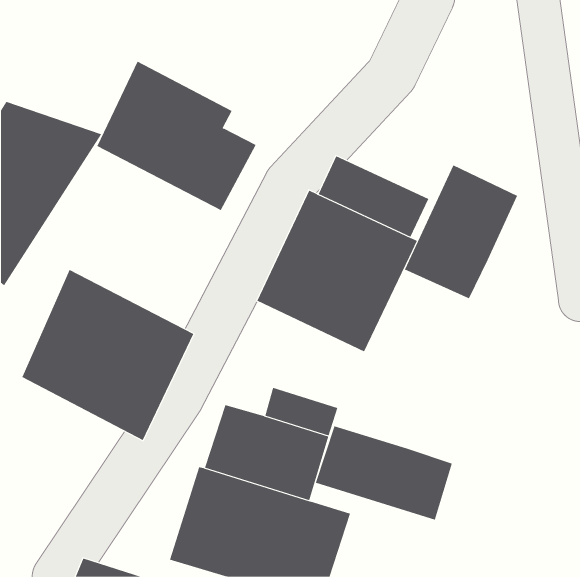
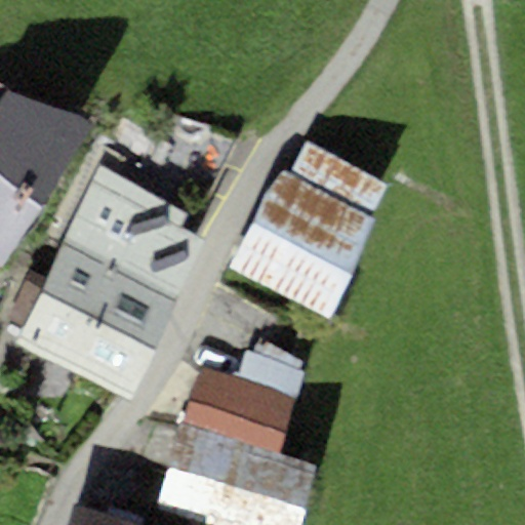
building: [96,61,256,211] -> [63,166,207,301]
building: [404,164,518,299] -> none
building: [315,425,452,521] -> none

